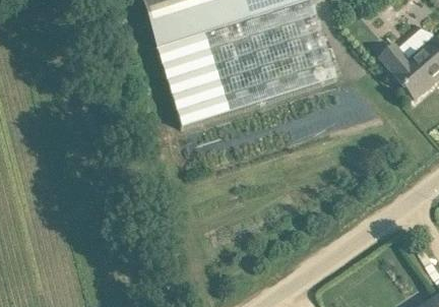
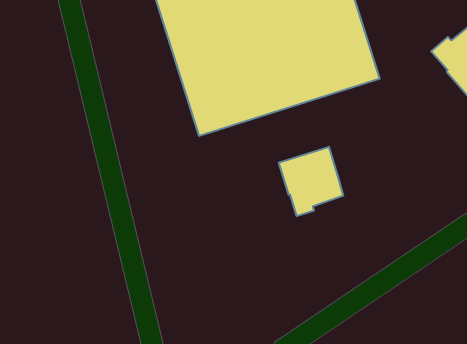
building: none -> [279,147,343,216]

